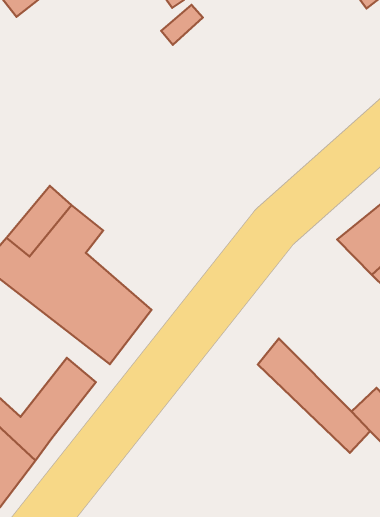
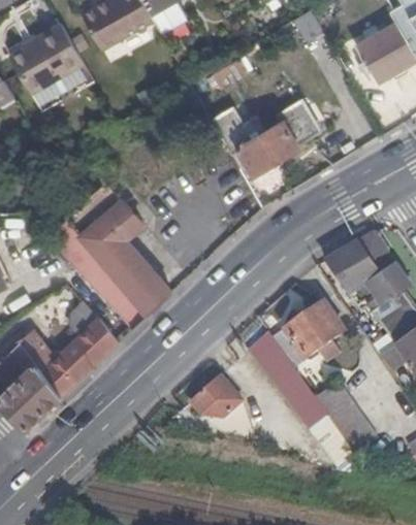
building: none -> [214,102,320,177]
building: none -> [285,302,344,358]
building: none -> [191,375,243,418]

